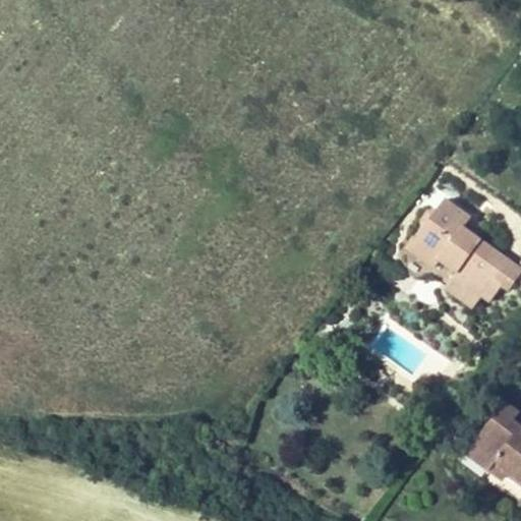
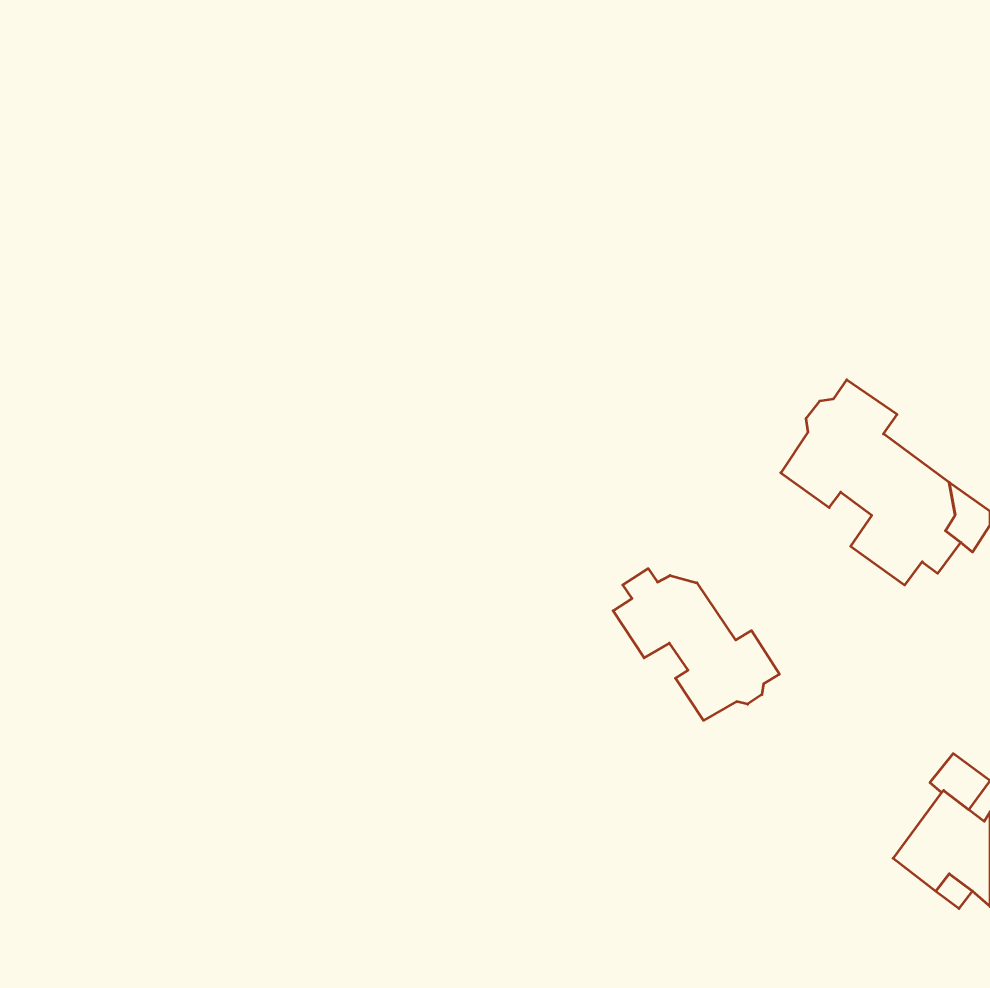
building: none -> [613,569,779,720]

